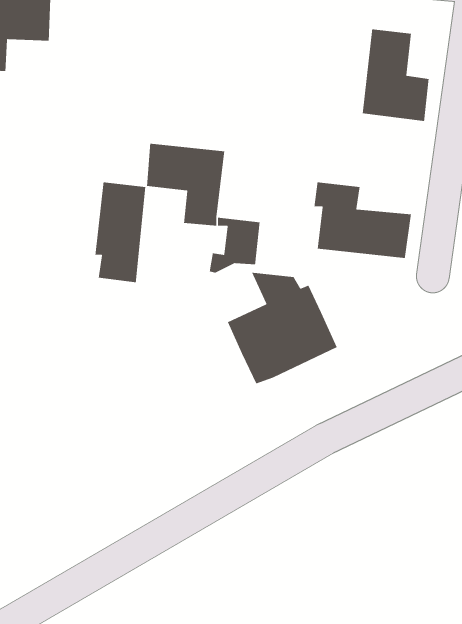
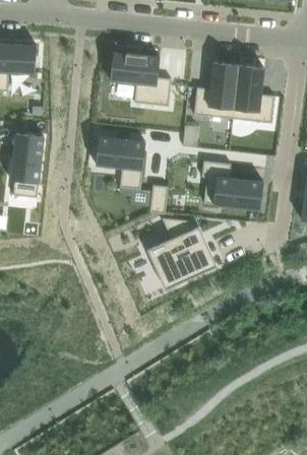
building: none -> [110,51,171,105]
building: none -> [193,61,238,117]
building: [95,182,146,283] -> [10,132,43,196]

